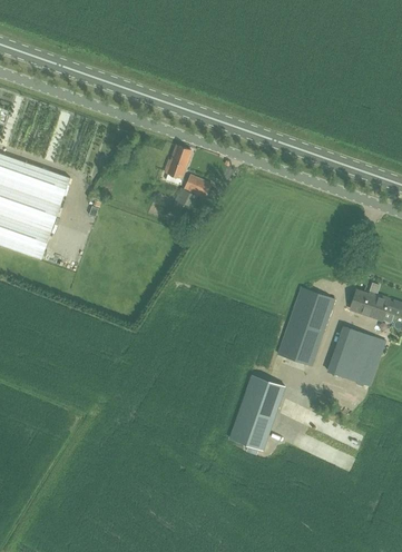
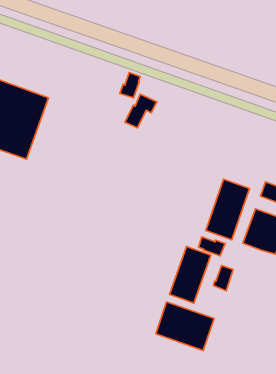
building: none -> [198,237,225,256]
building: none -> [213,265,233,291]
building: none -> [156,302,214,350]

